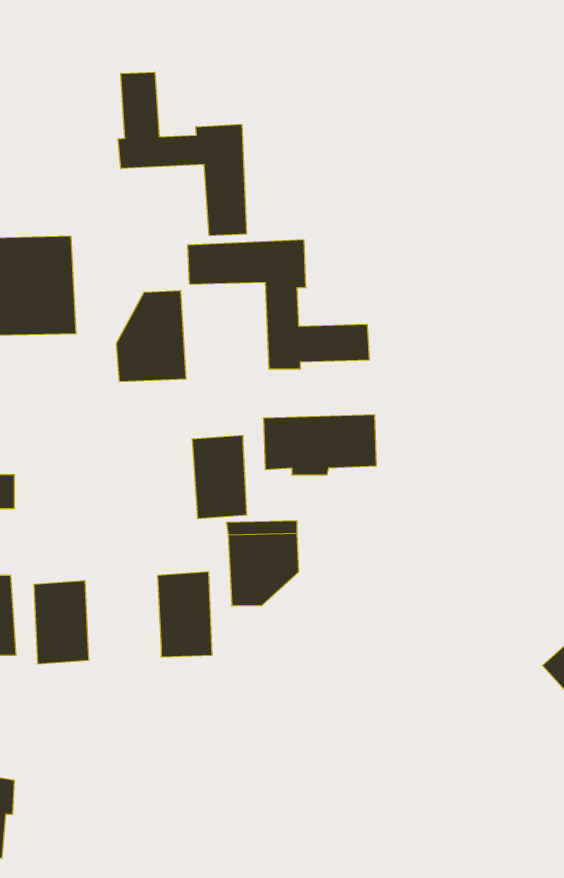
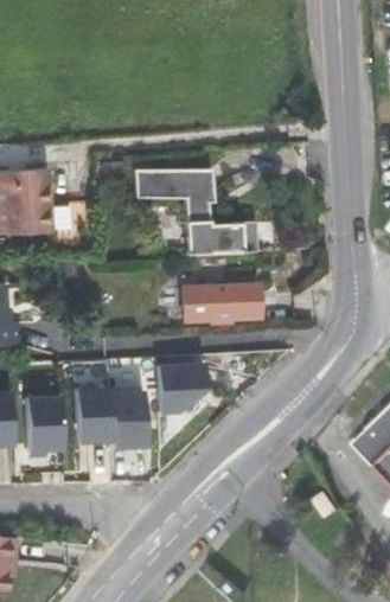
building: [118,72,247,236] -> none
building: [117,290,186,382] -> none
building: [192,435,247,519] -> [72,386,109,442]

